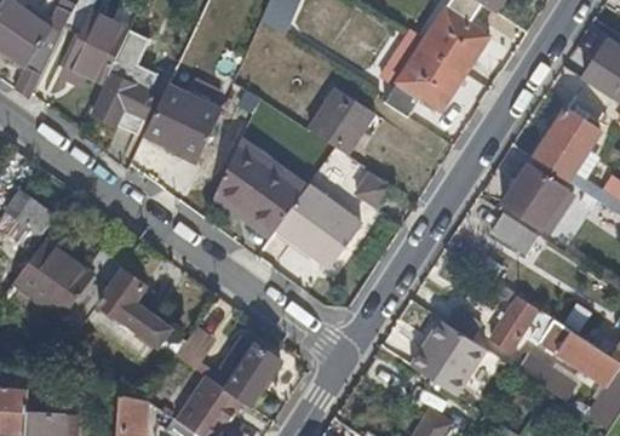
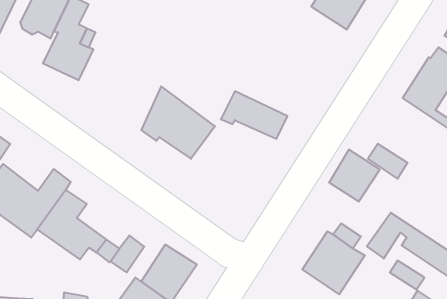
building: [383,46,464,116] -> none
building: [143,88,220,165] -> none
building: [308,90,373,156] -> none
building: [503,165,564,228] -> [329,150,380,201]
building: [275,188,358,268] -> none

